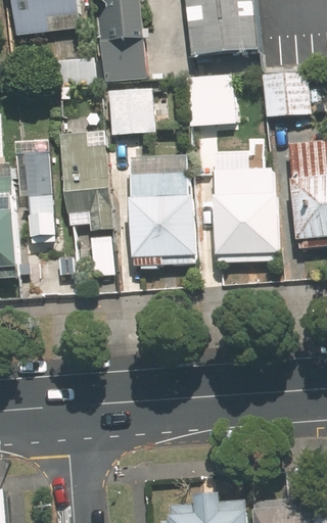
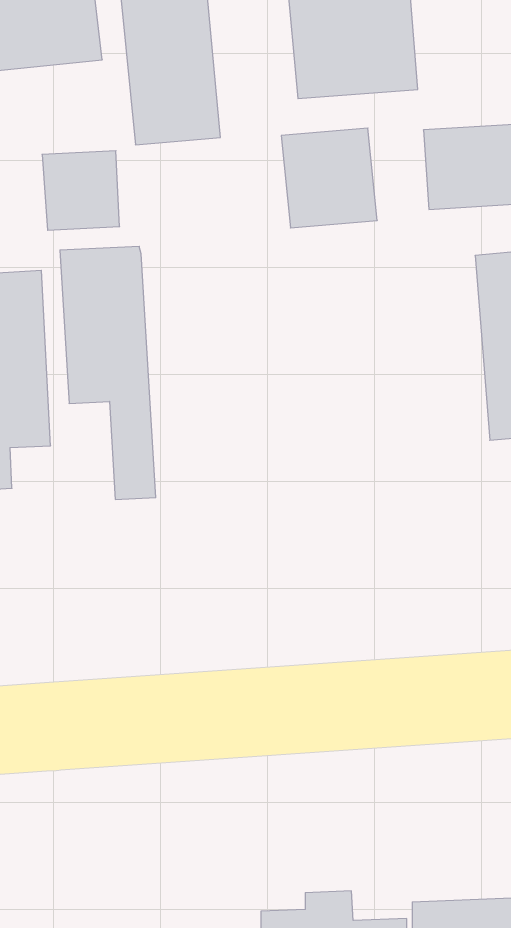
building: [107,90,150,134] -> [42,151,120,230]
building: [130,156,202,270] -> none
building: [211,160,281,256] -> none

